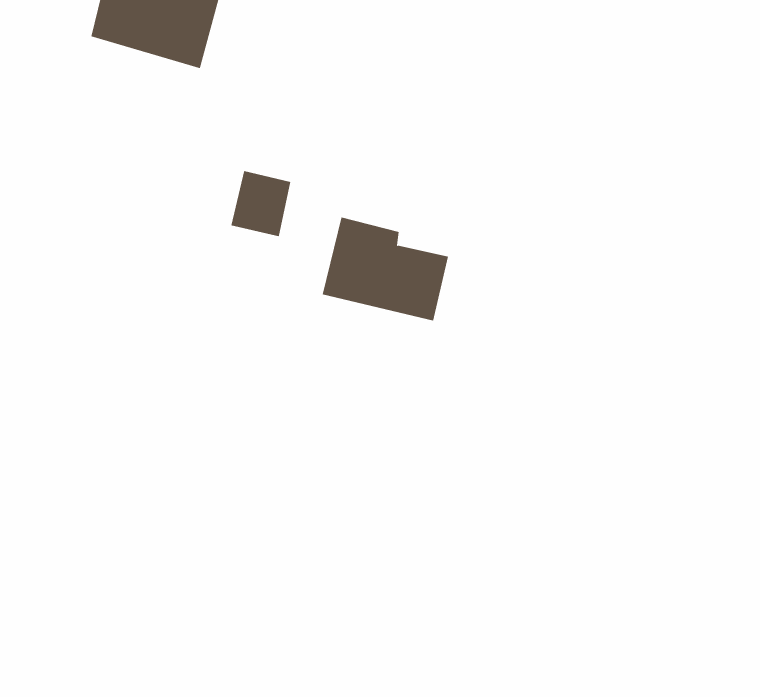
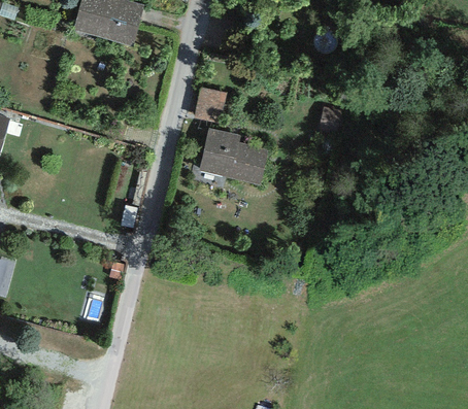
building: [230,170,291,237] -> [193,87,226,123]

